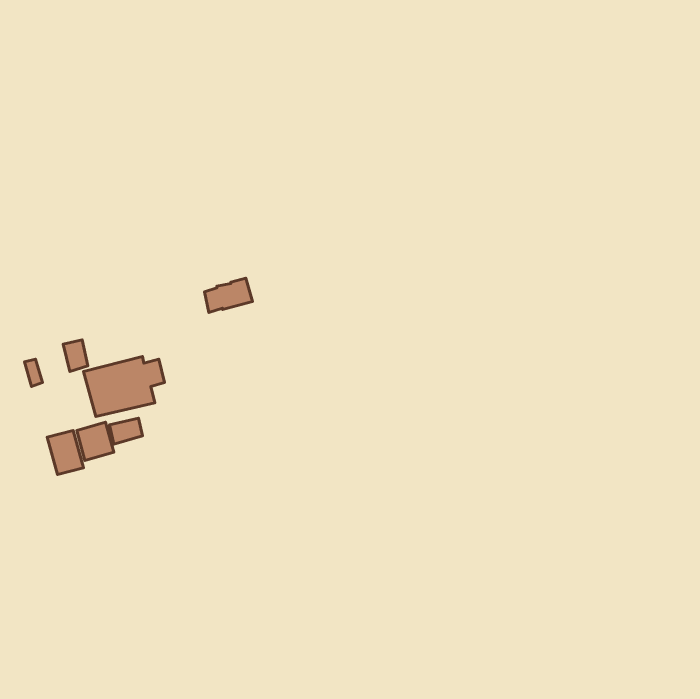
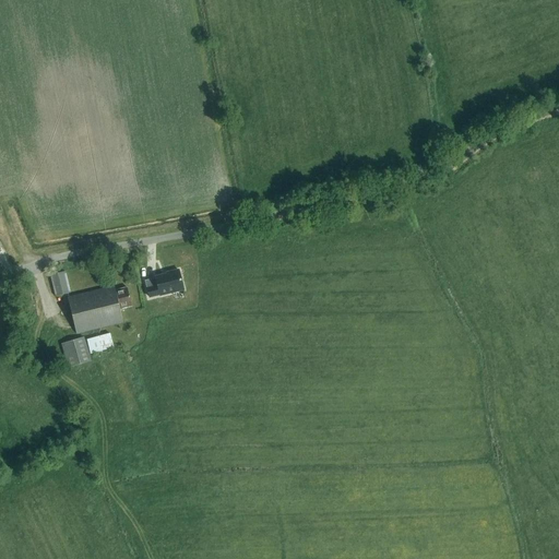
building: [205,278,253,312] -> [145,269,183,296]
building: [47,431,83,475] -> none

